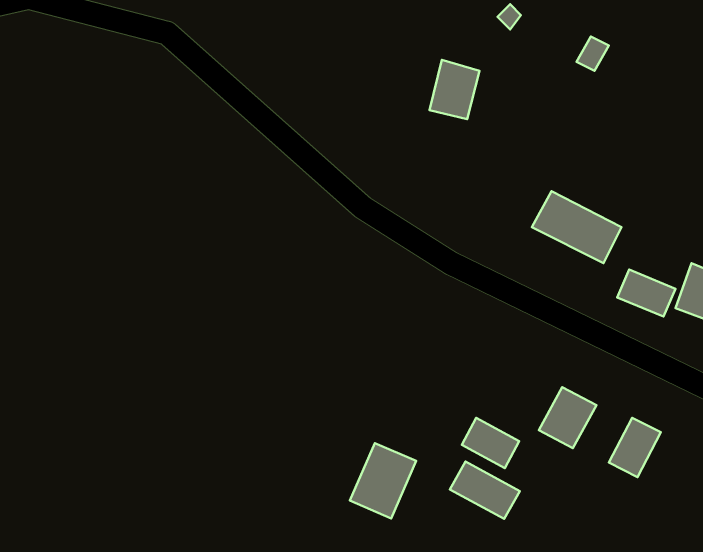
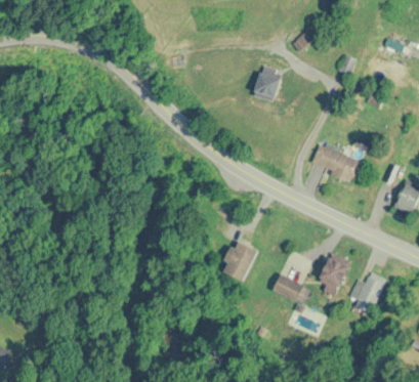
building: [617,270,676,317] -> none
building: [350,443,416,519] -> [219,238,257,281]
building: [450,462,520,519] -> none

